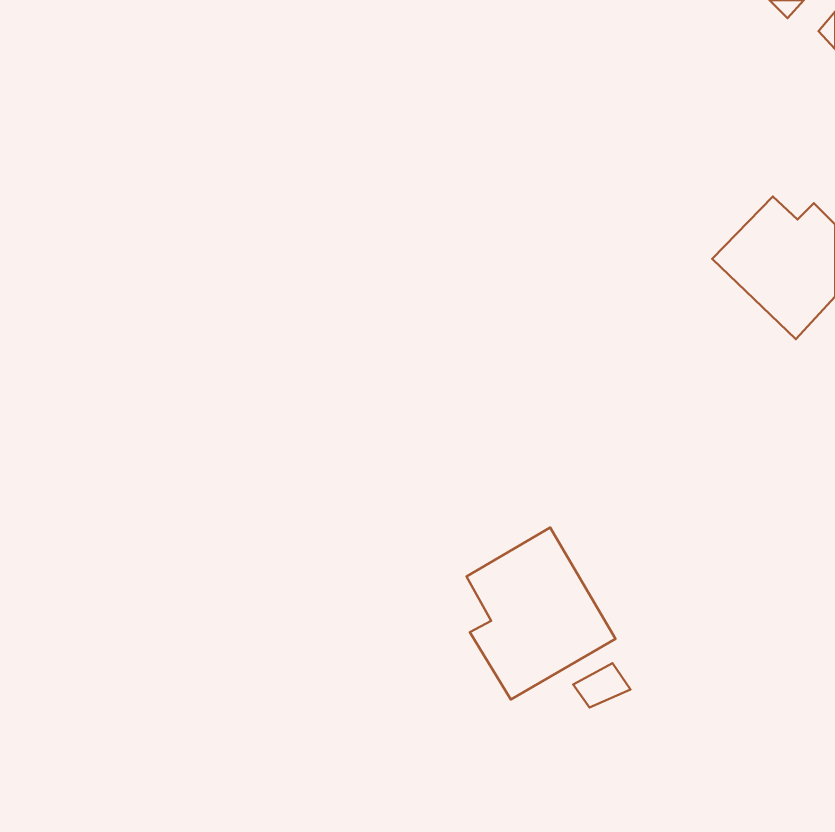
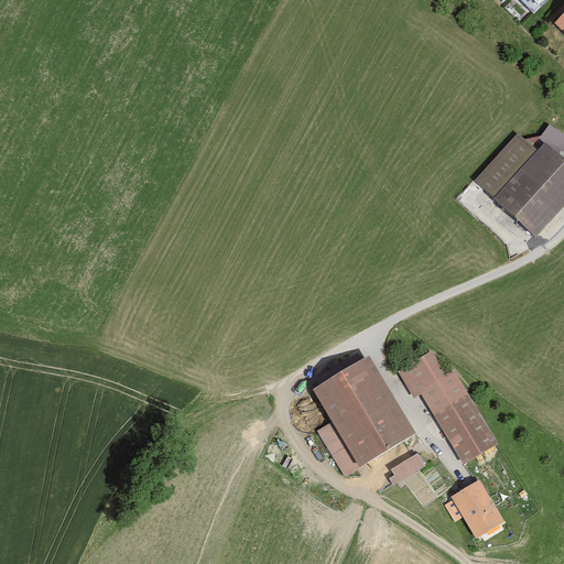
building: none -> [393,347,499,466]
building: none -> [449,477,508,540]

